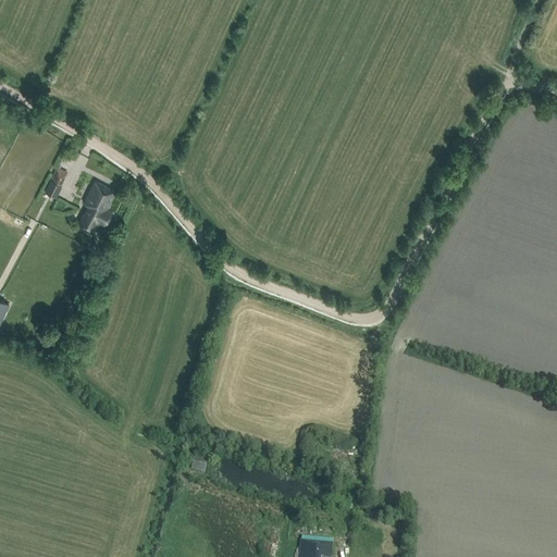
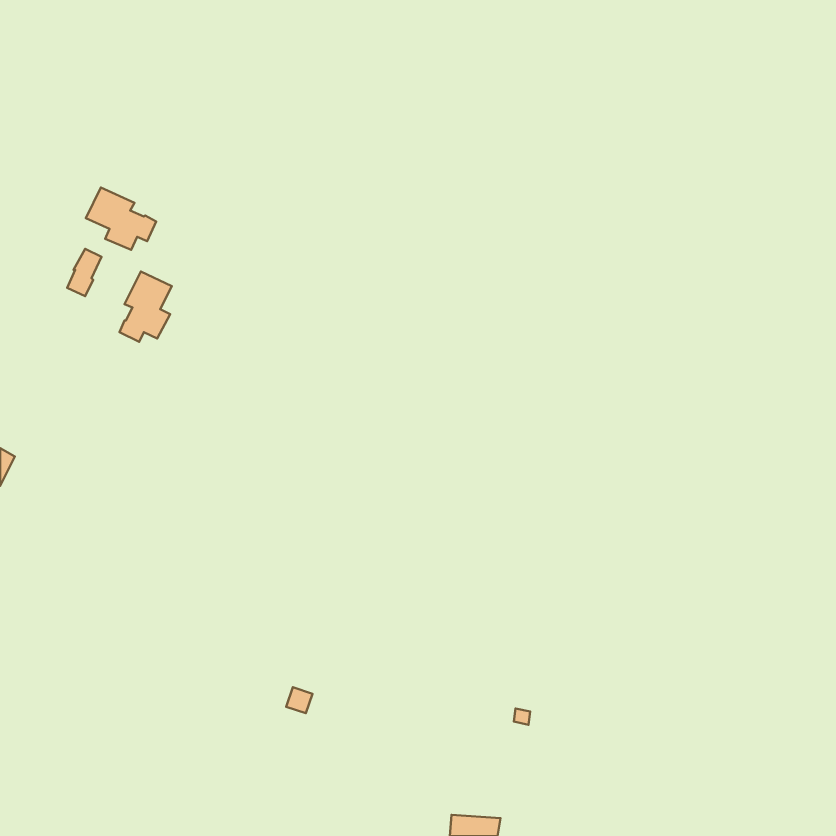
building: none -> [86,187,156,250]

